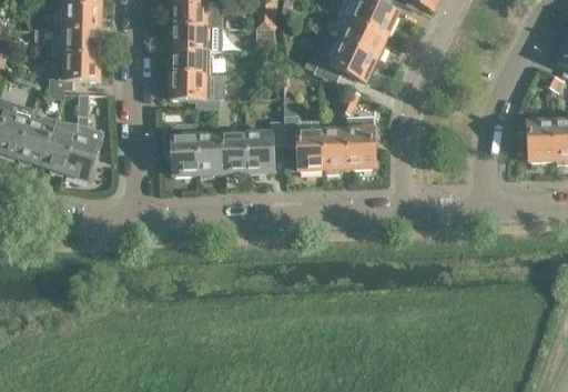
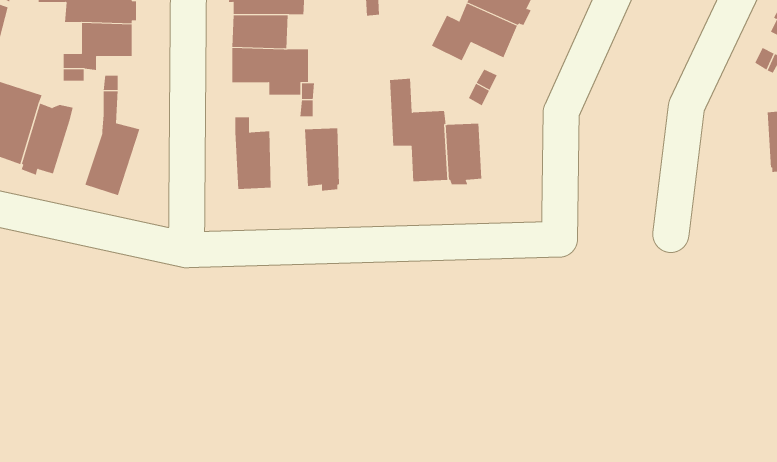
building: [346,114,373,167] -> none
building: [245,119,284,171] -> none
building: [528,119,555,160] -> none
building: [41,124,75,174] -> none
building: [196,131,223,177] -> none

